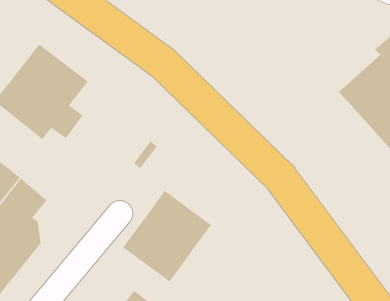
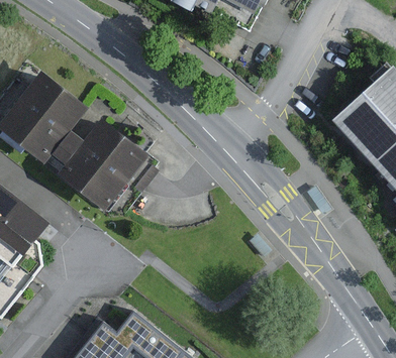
building: [122,190,212,283] -> [59,120,146,211]

